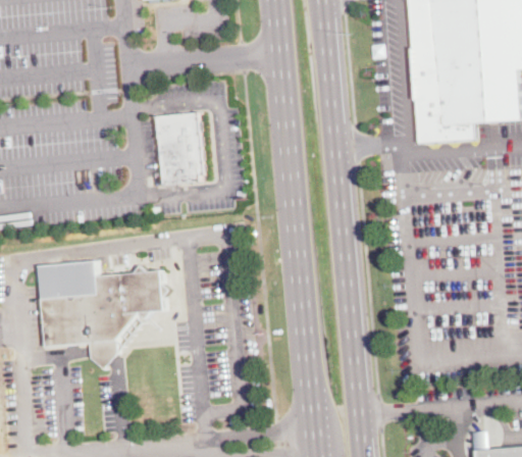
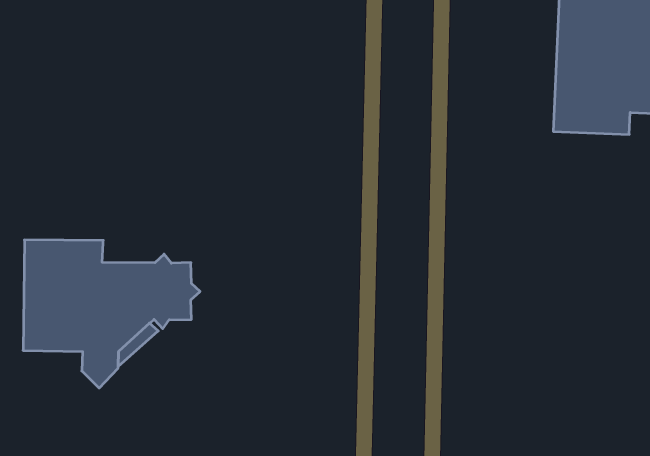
building: [157,113,204,185] -> none

